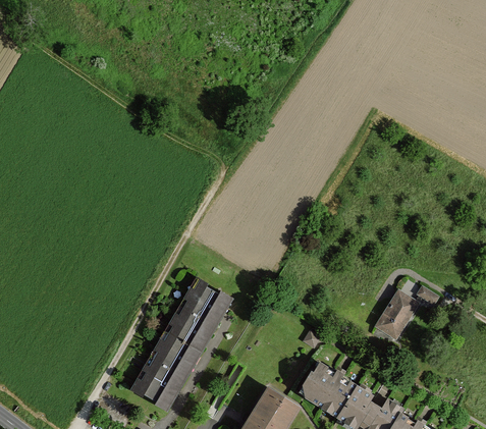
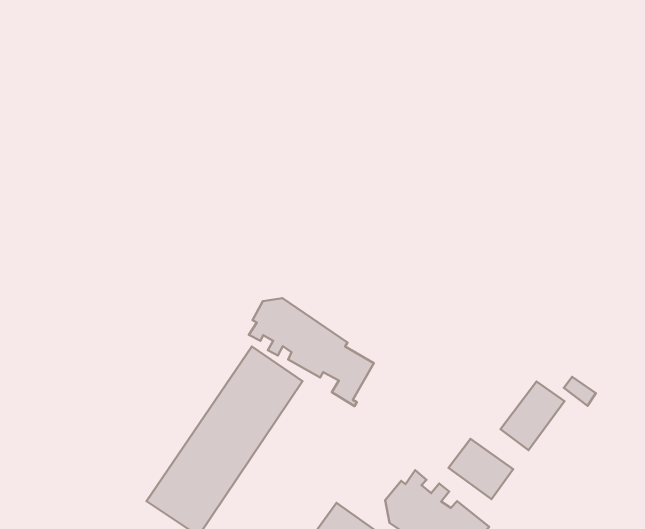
building: none -> [249,298,374,406]
building: none -> [449,439,513,499]

